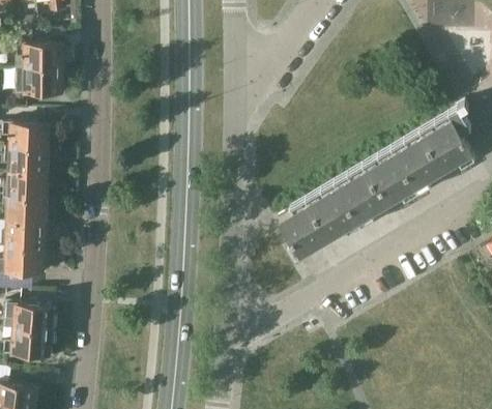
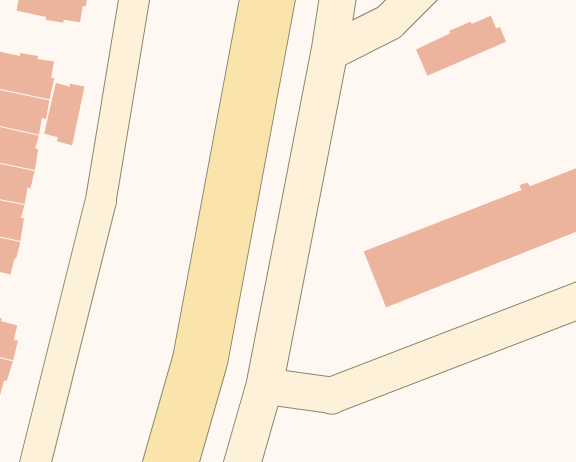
building: none -> [415,15,507,77]
building: none -> [44,82,85,146]

